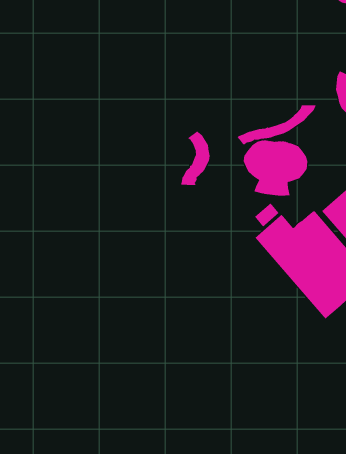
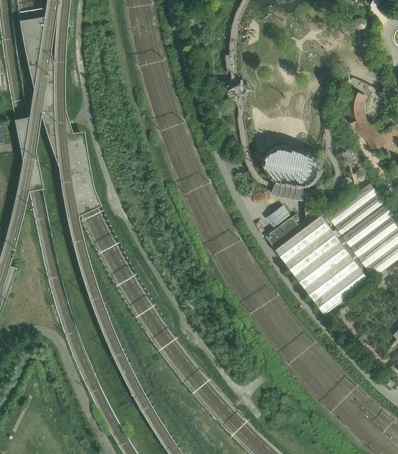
building: [236,105,317,145] -> none
building: [181,131,210,186] -> none

